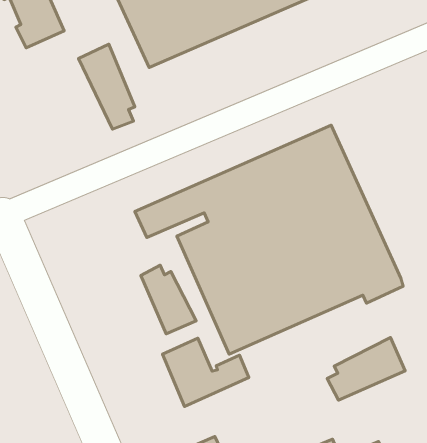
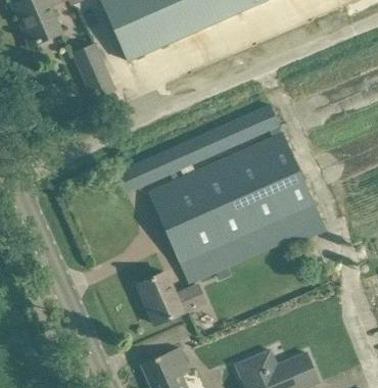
building: [141,265,196,334] -> none
building: [327,337,405,400] -> none

